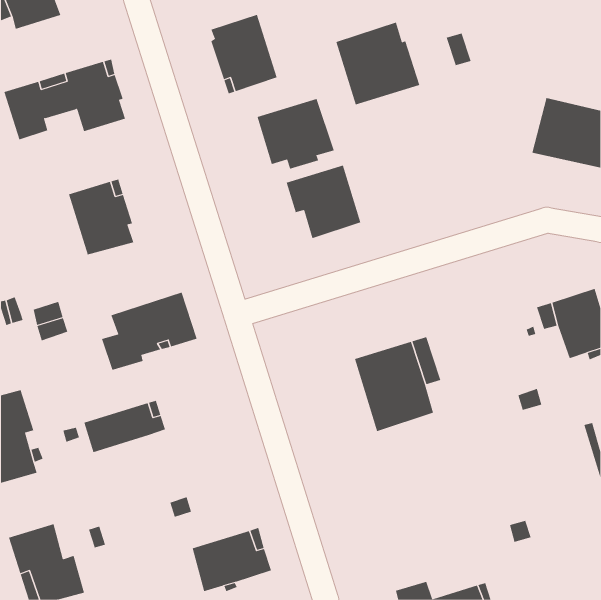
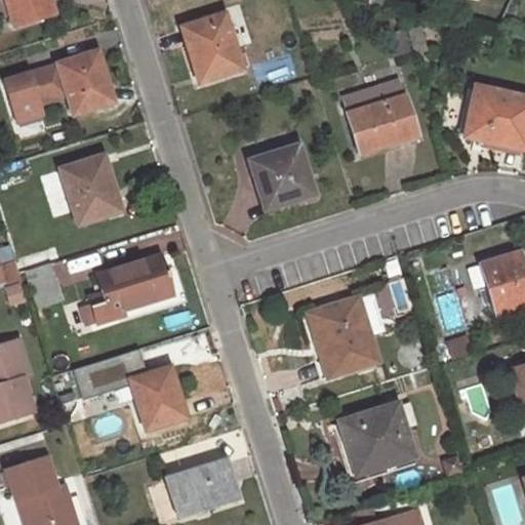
building: [335,22,420,105] -> [344,79,417,152]
building: [257,98,335,169] -> none
building: none -> [130,366,181,428]
building: none -> [338,403,413,475]

